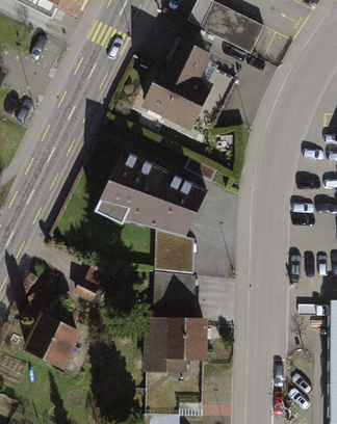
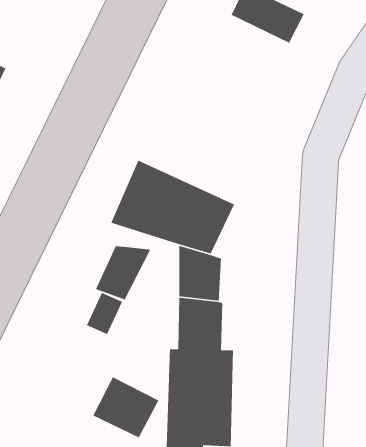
building: [151,45,236,135] -> none
building: none -> [95,245,152,300]
building: [27,319,85,373] -> [92,376,160,439]

